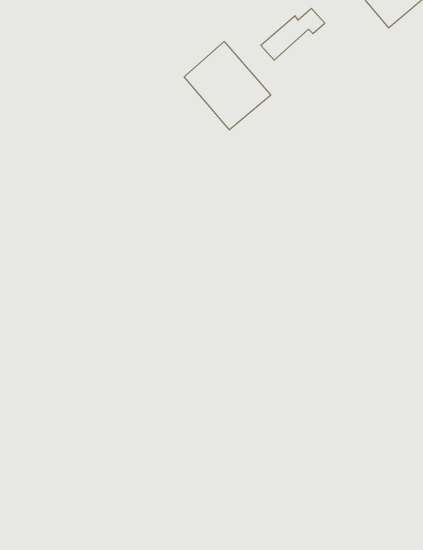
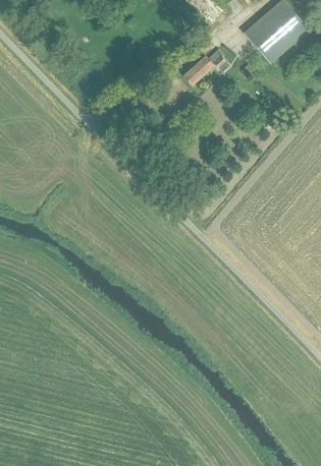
building: [184,42,271,130] -> none

